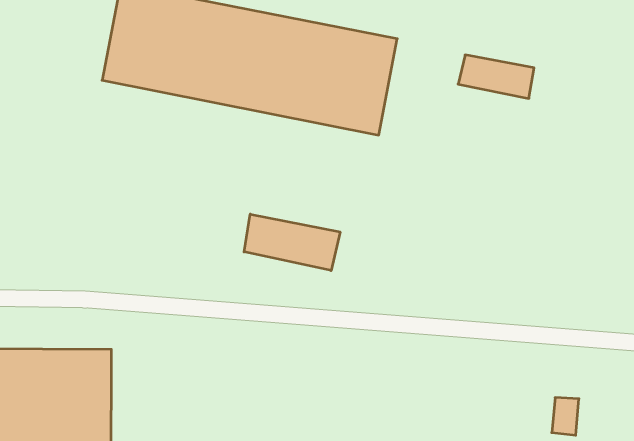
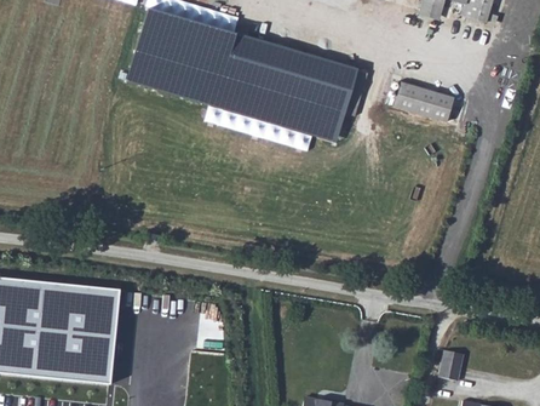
building: [244,214,340,271] -> none

